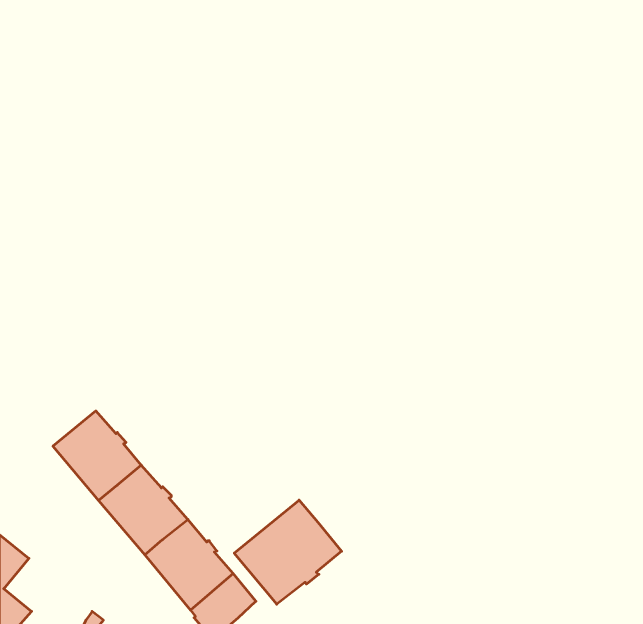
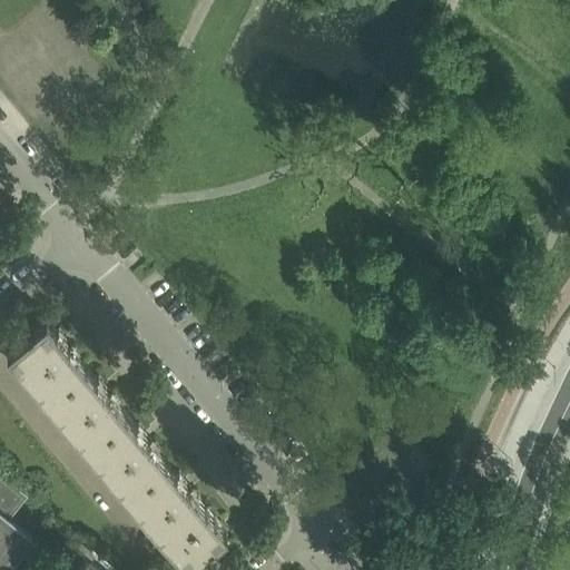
building: none -> [8,333,85,412]
building: [234,500,342,604] -> none

